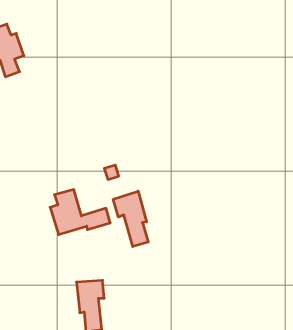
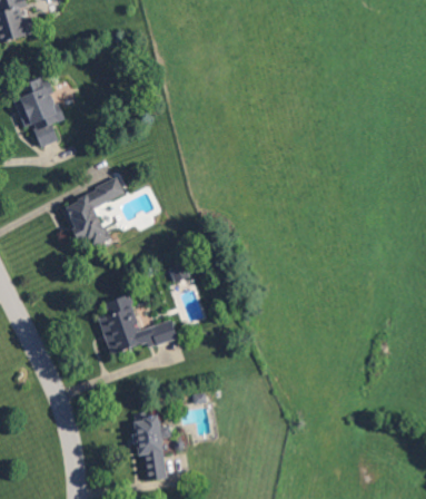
building: none -> [62,178,126,250]
building: [113,191,148,247] -> none

